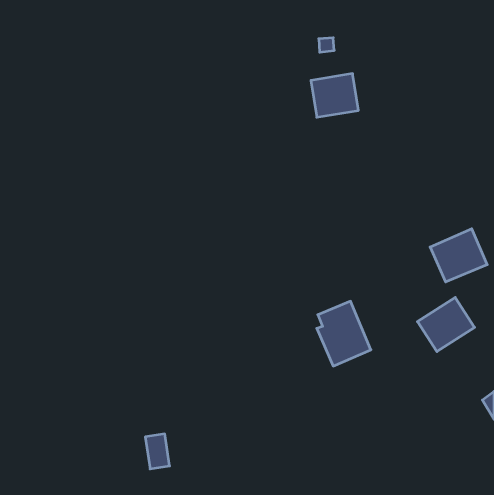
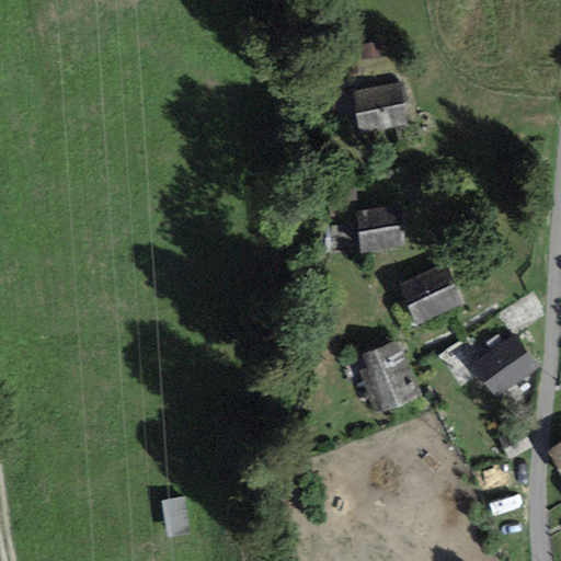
building: none -> [354,206,405,253]
building: [430,229,487,282] -> [398,264,462,324]

